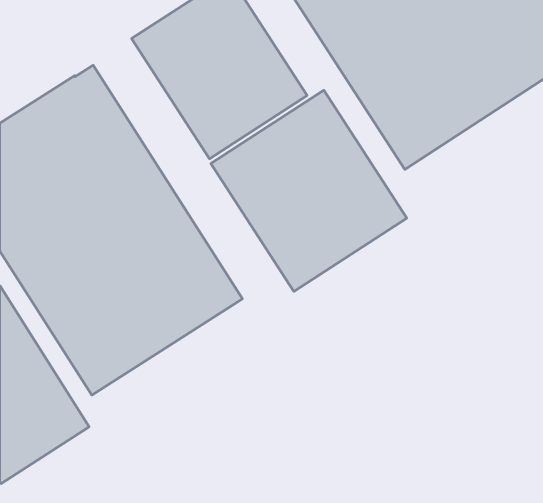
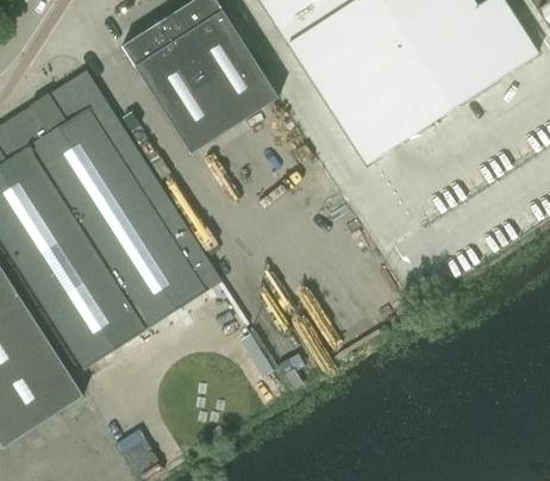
building: [211,90,407,291] -> none

